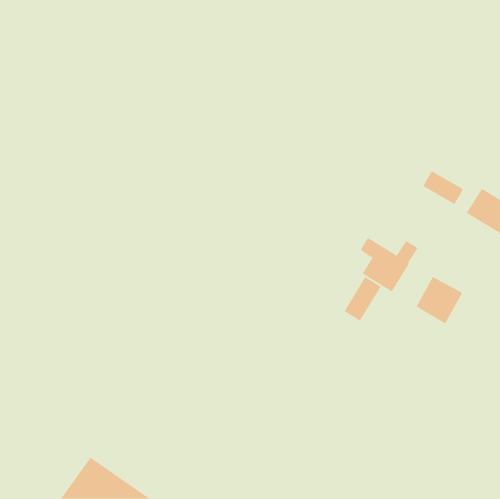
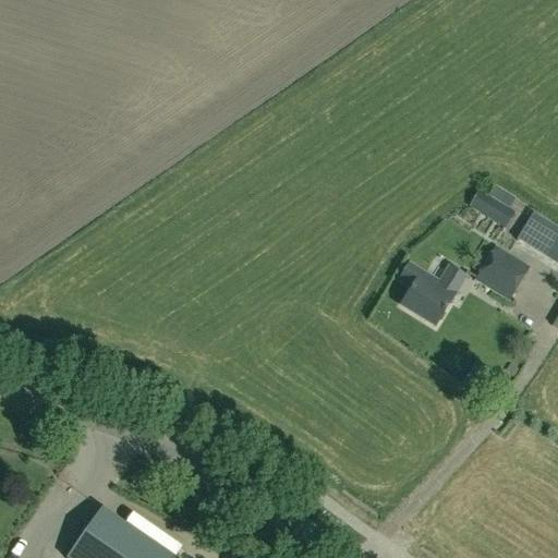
building: [344,276,381,322] -> none
building: [416,276,463,324] -> [476,246,529,300]

